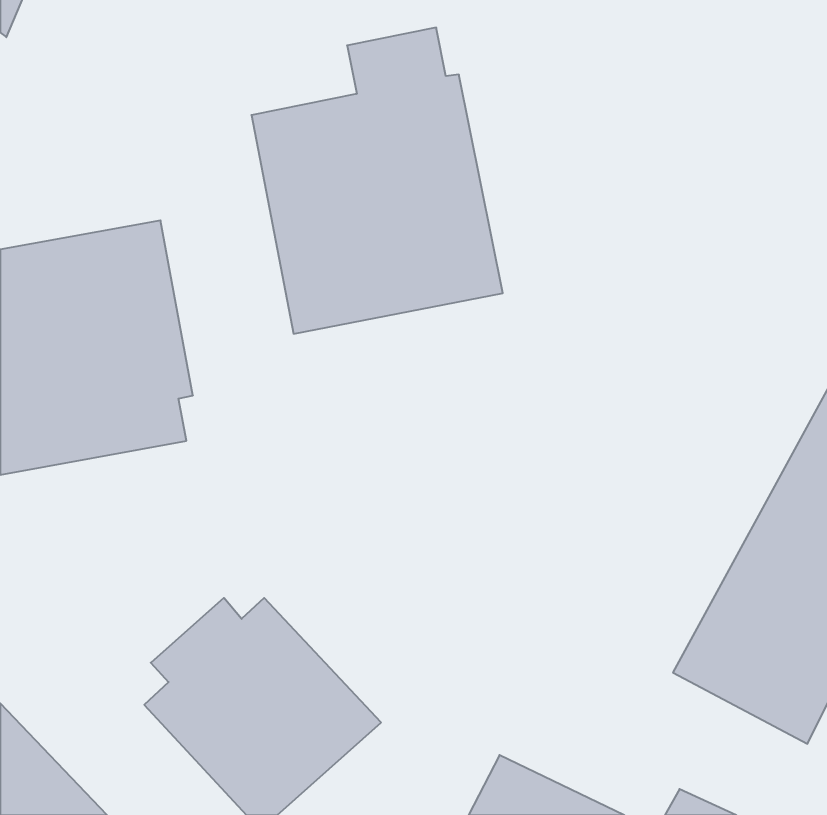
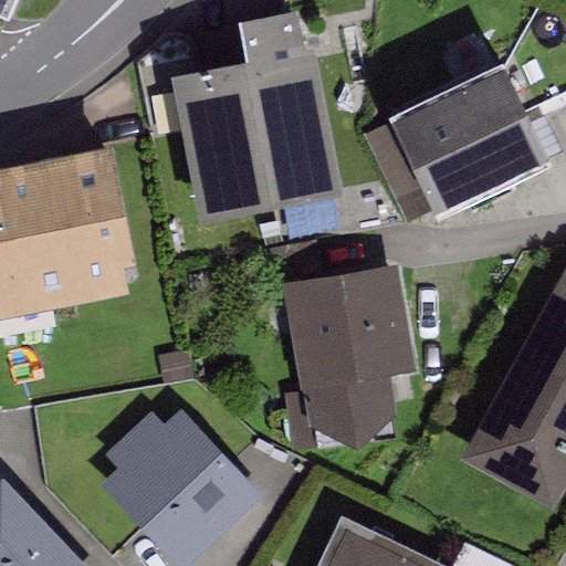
building: none -> [388,71,551,227]
building: none -> [282,263,412,451]

